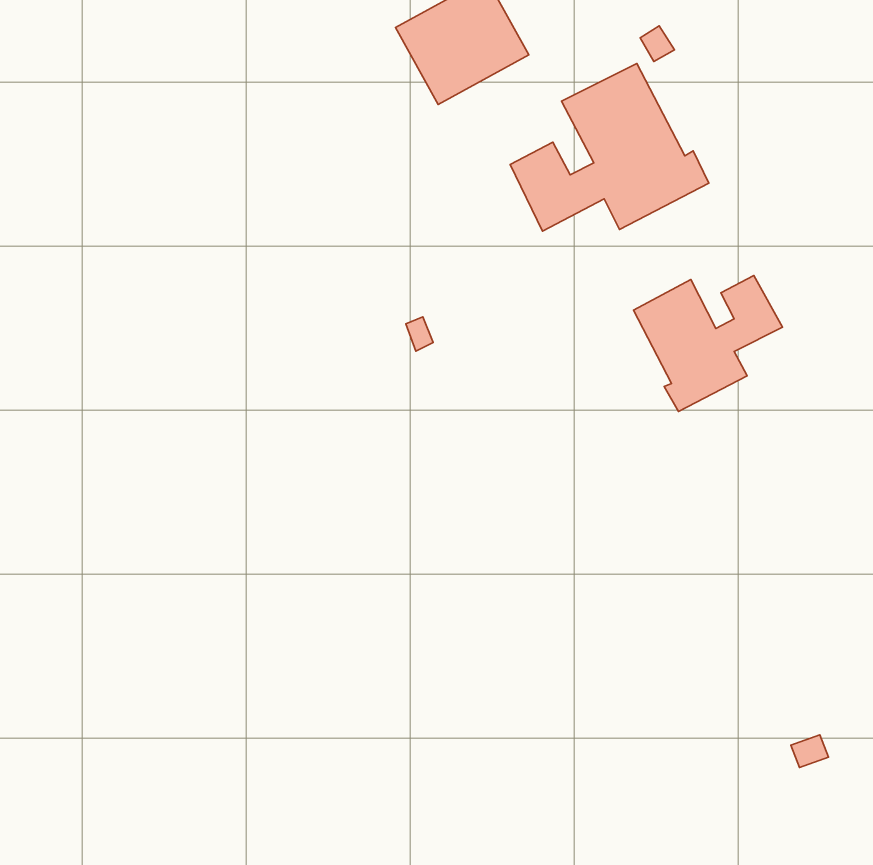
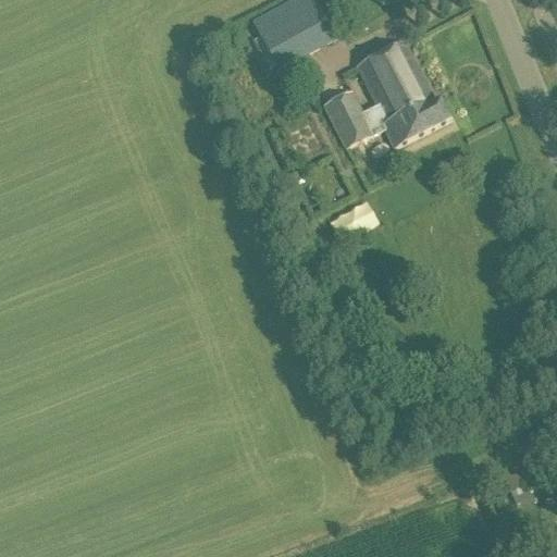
building: [633,276,782,411] -> none

